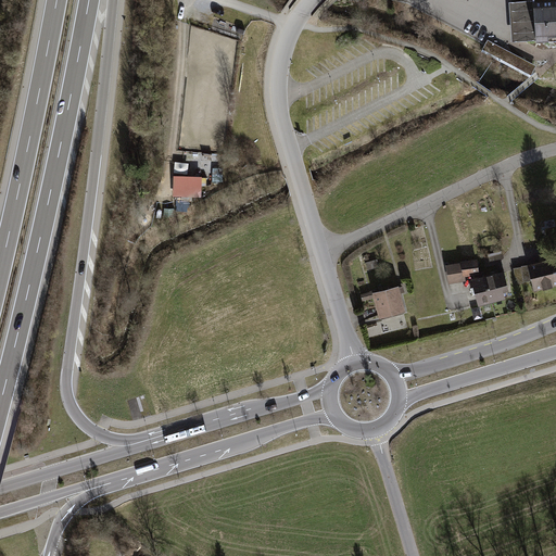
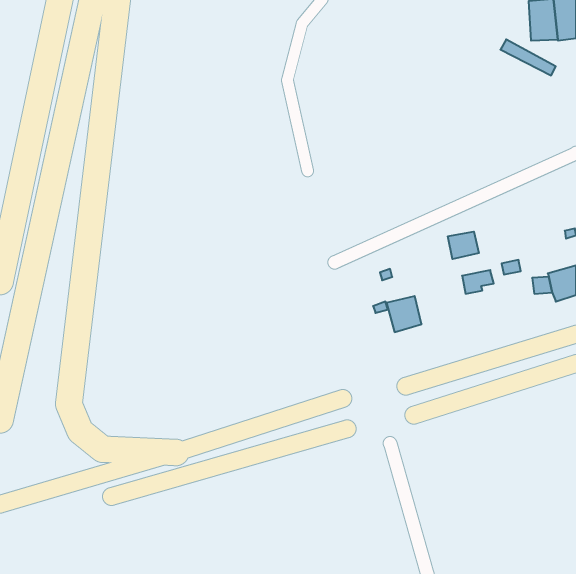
building: [174,175,202,195] -> none
building: none -> [448,232,479,259]
building: [472,273,509,303] -> none

